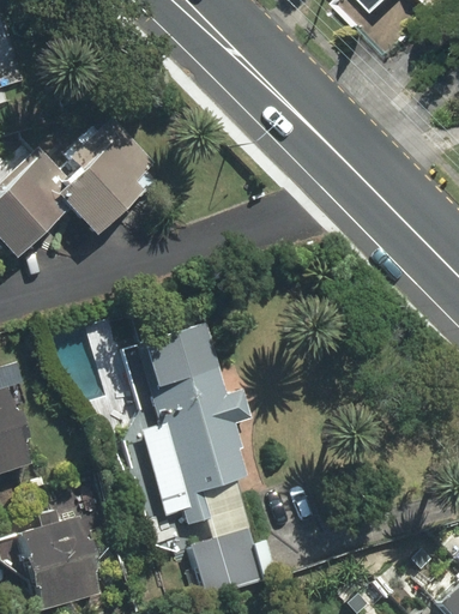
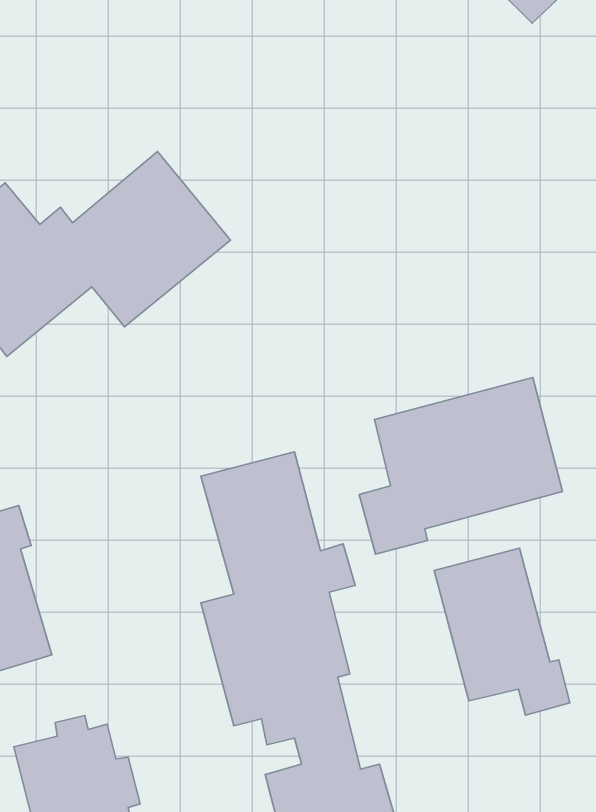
building: none -> [359,377,562,554]
building: none -> [434,548,570,715]

